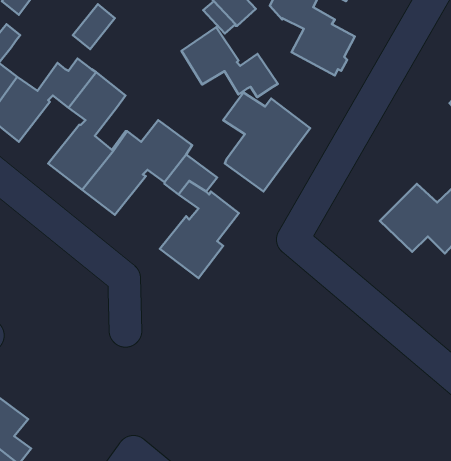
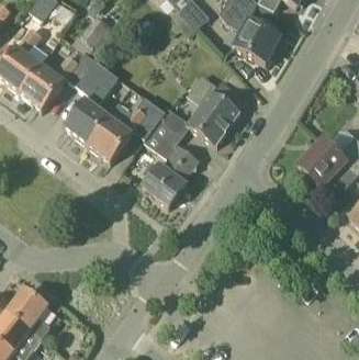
building: [182,27,278,97] -> none

